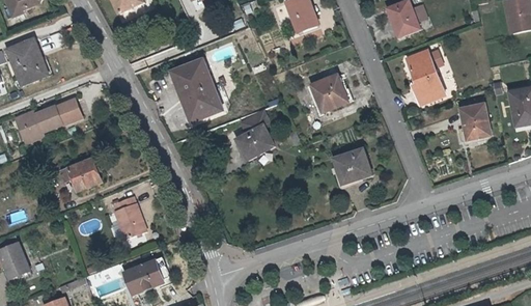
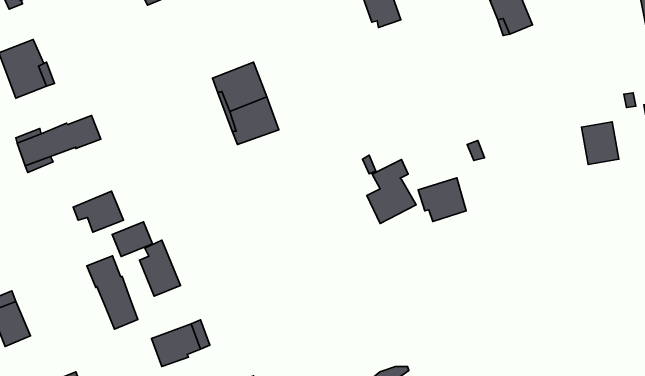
building: [408,53,444,101] -> none
building: [311,75,346,110] -> none
building: [235,112,274,162] -> [367,160,416,223]
building: none -> [112,222,153,257]
building: none -> [87,256,138,329]

